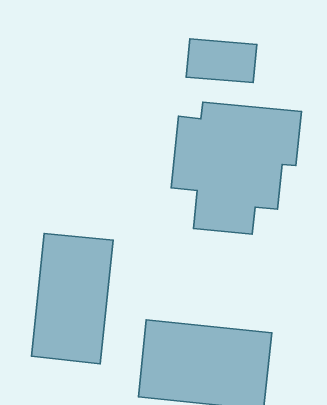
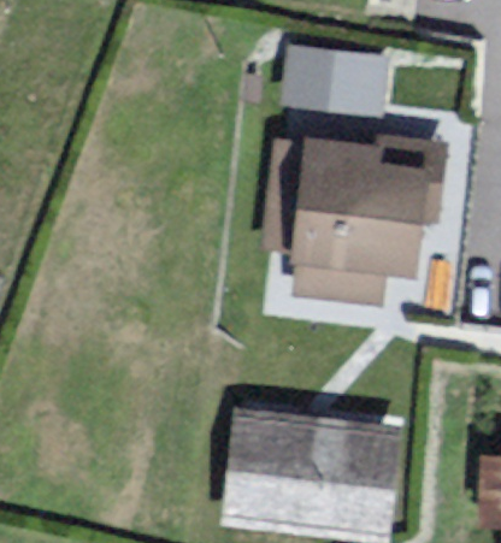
building: [31,233,113,364] -> none

